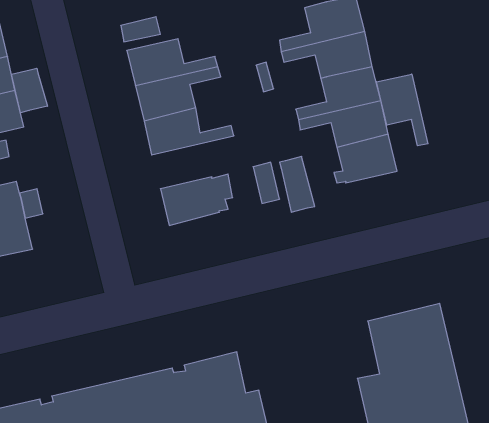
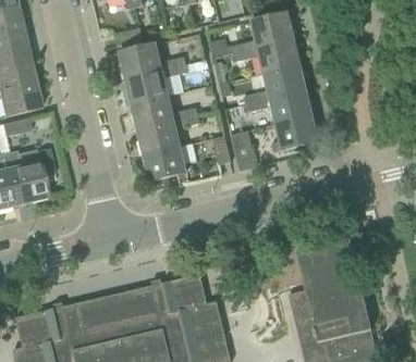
building: [12,68,47,113] -> none
building: [377,74,428,146] -> none
building: none -> [136,114,199,153]

